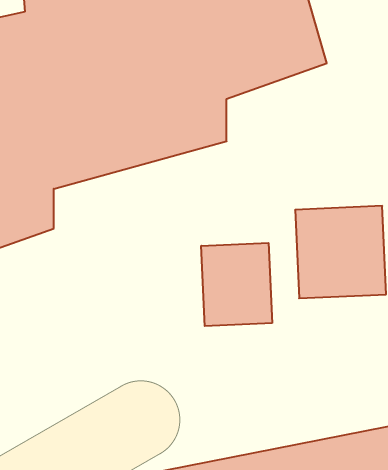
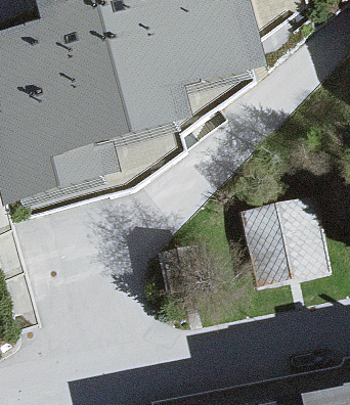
building: [201,243,272,326] -> none

